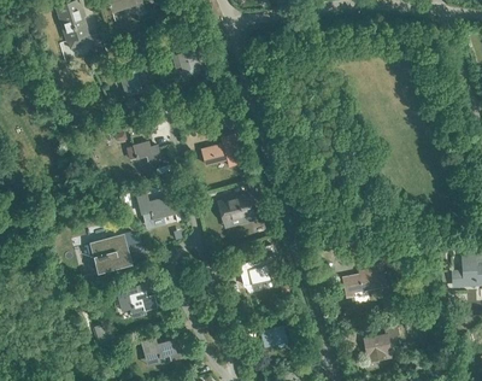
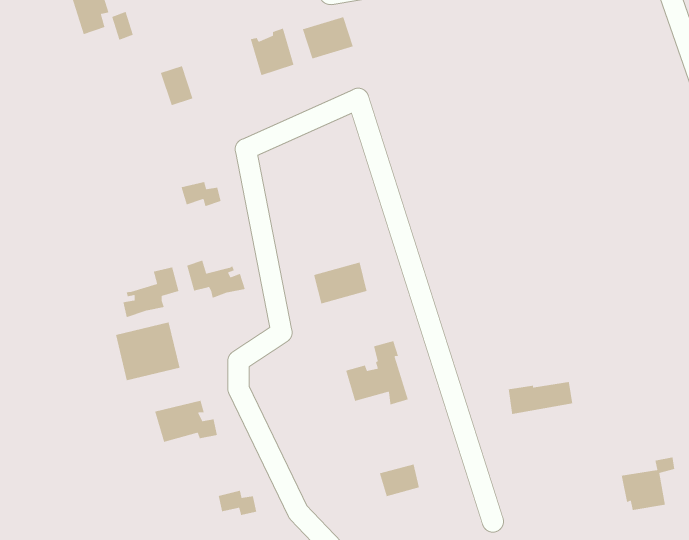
building: none -> [302,16,354,59]
building: [201,134,242,164] -> none
building: none -> [123,266,179,318]
building: [363,327,398,362] -> [621,457,675,511]

